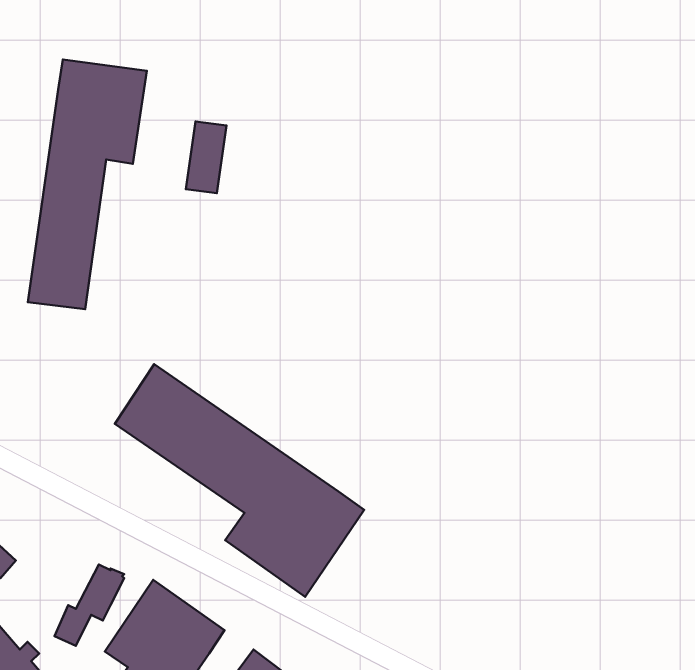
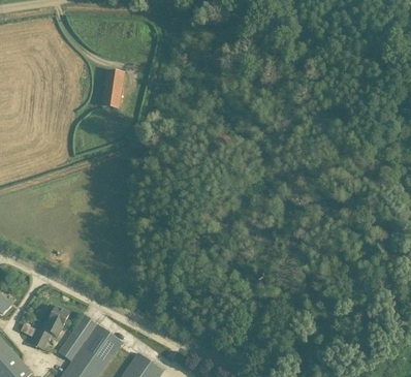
building: [28,60,147,309] -> none
building: [115,364,364,597] -> none

